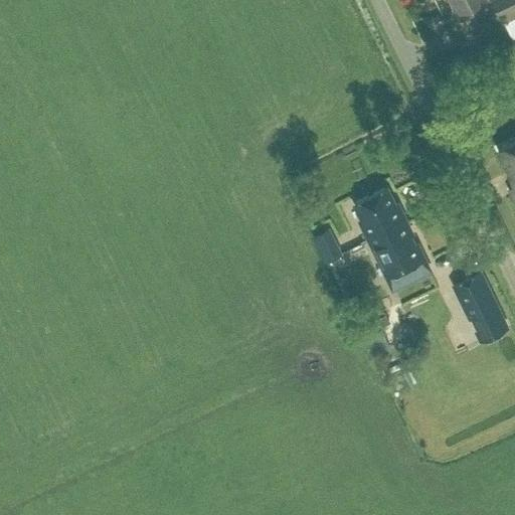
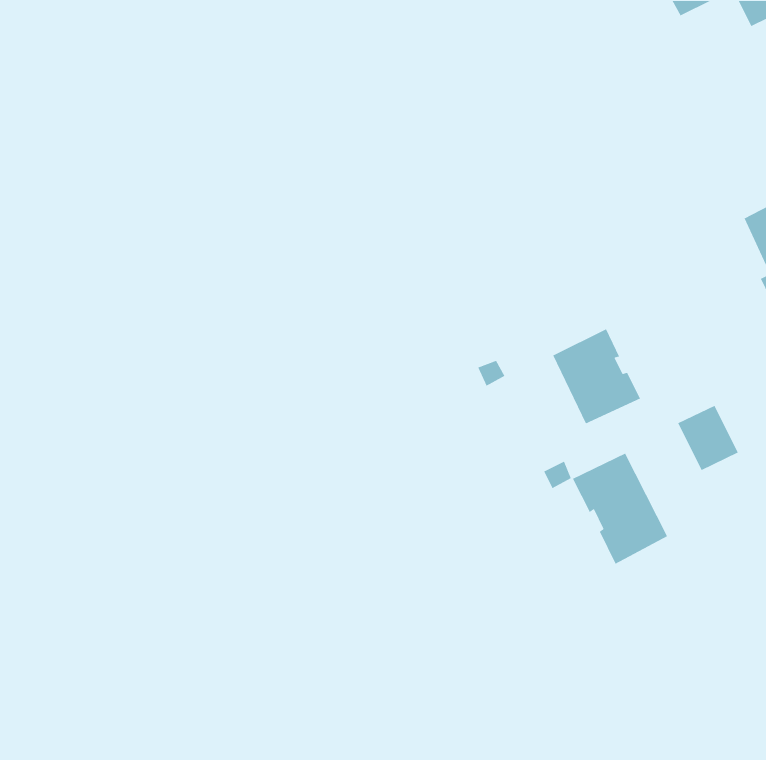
building: [356,191,407,243] -> none
building: none -> [572,453,668,565]

